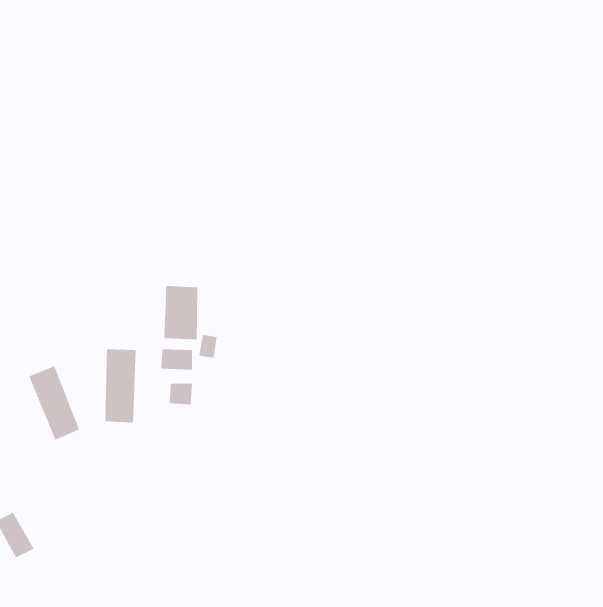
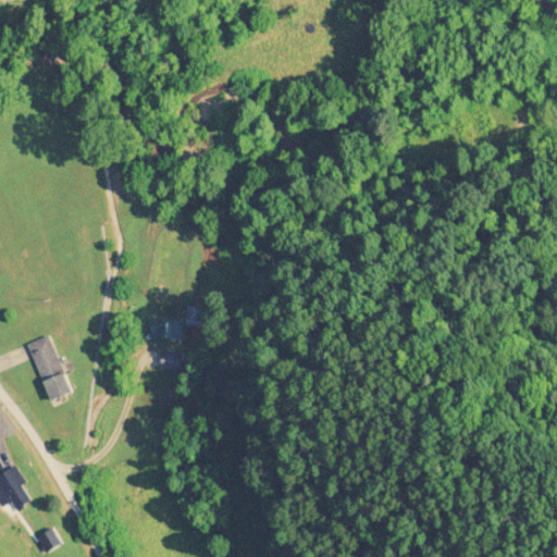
building: [164,285,198,340] -> none
building: [105,349,136,423] -> none

